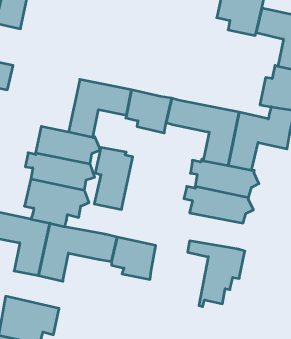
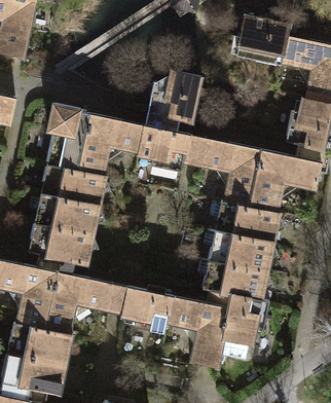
building: none -> [145,71,199,133]
building: [94,148,133,209] -> [46,104,88,172]
building: none -> [197,260,272,300]
building: none -> [167,296,229,368]
building: none -> [7,323,72,365]

